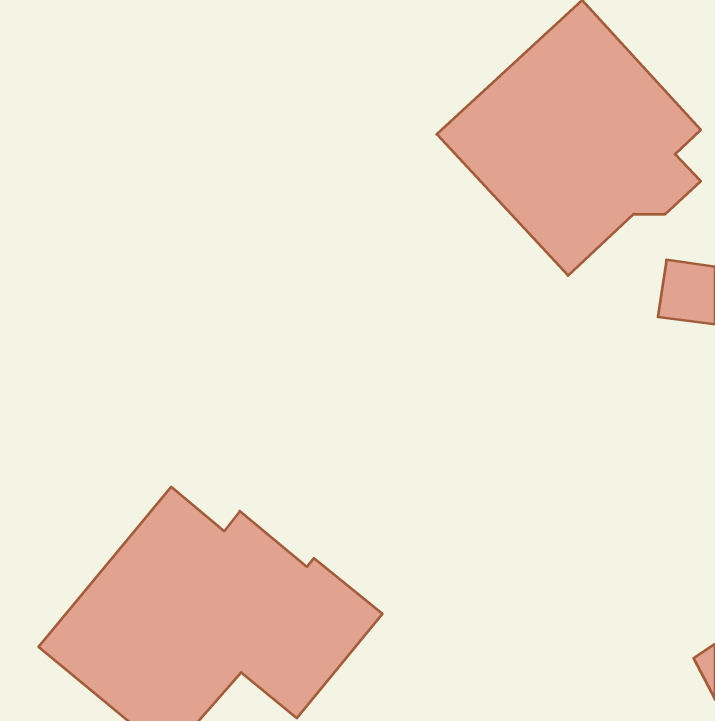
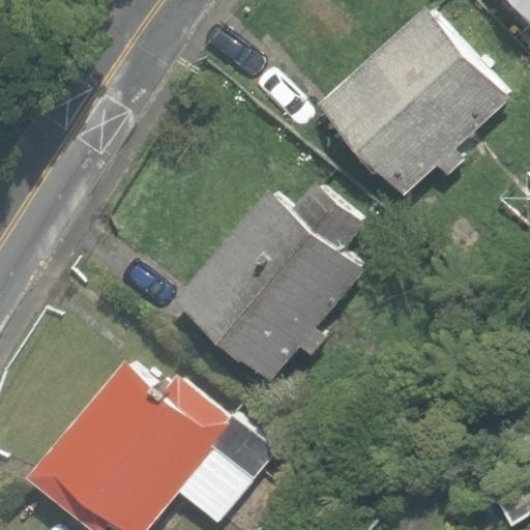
building: none -> [176,182,362,383]

